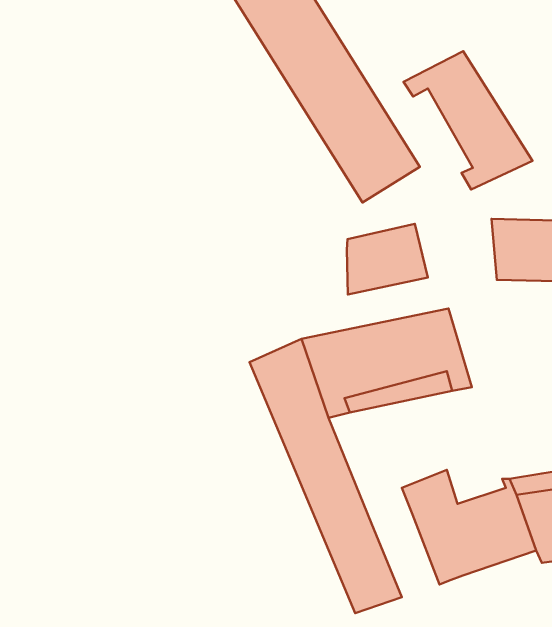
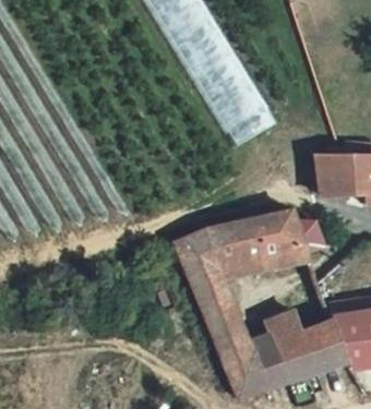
building: [404,51,533,189] -> none
building: [347,224,428,294] -> none
building: none -> [248,334,289,384]

